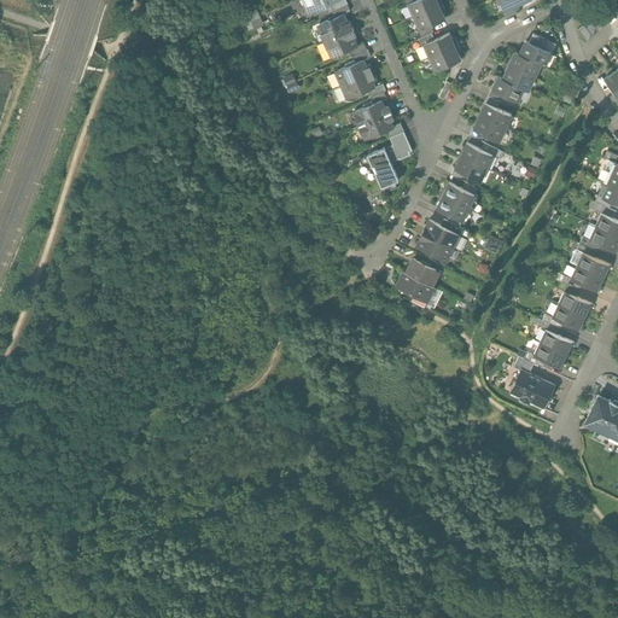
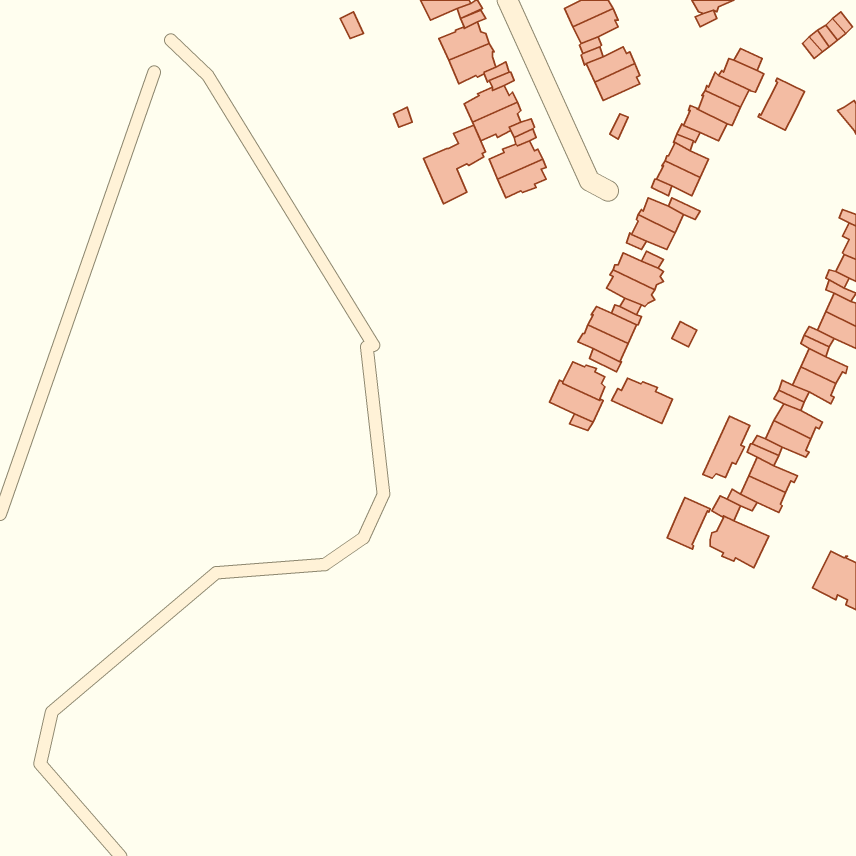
building: none -> [758,78,804,130]
building: [367,133,412,190] -> [423,125,485,204]
building: none -> [612,378,672,423]
building: none -> [703,416,750,478]
building: none -> [667,498,710,549]

